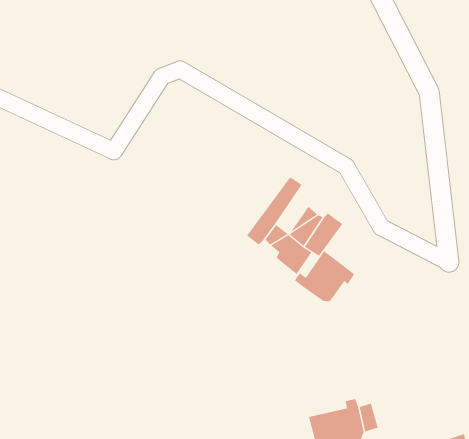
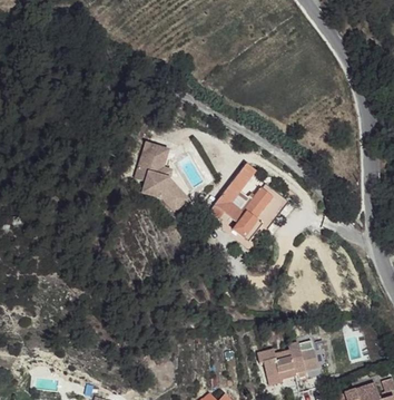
building: none -> [134,139,189,212]
building: [294,250,355,302] -> none

